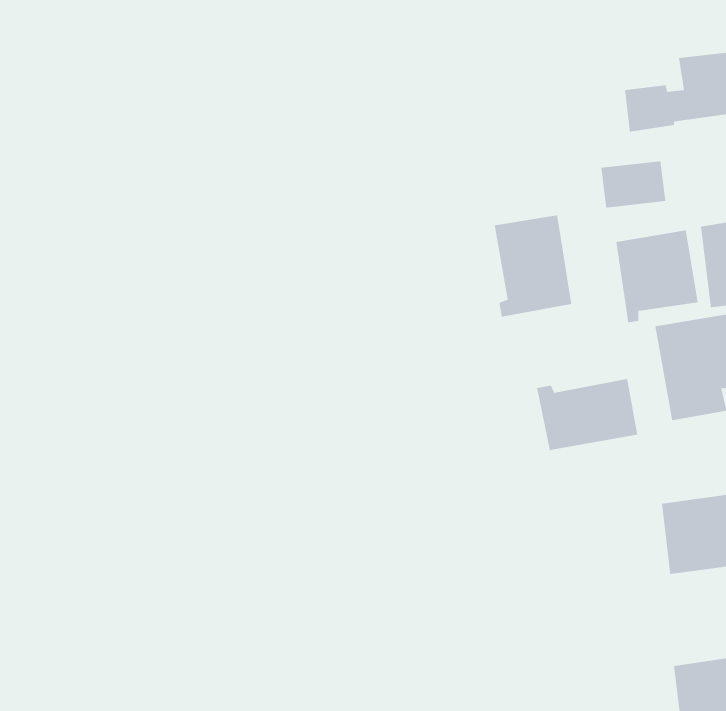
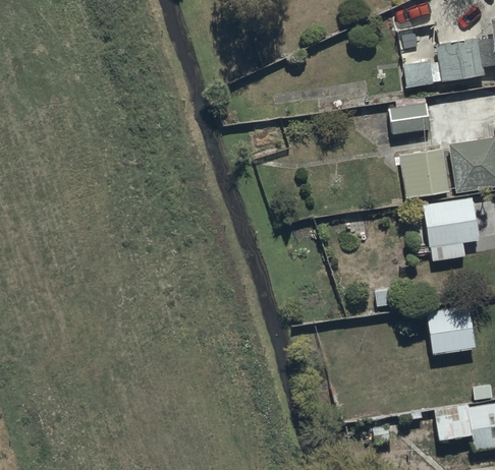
building: [494,215,572,318] -> none
building: [536,378,638,451] -> none

